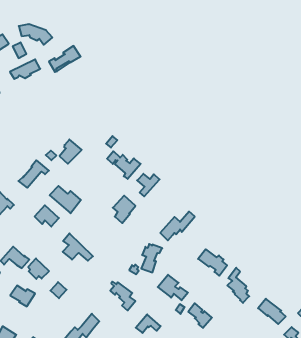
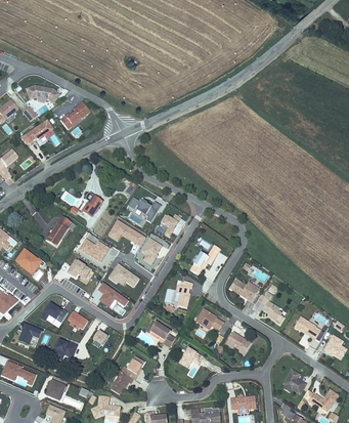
building: none -> [108,219,146,246]
building: none -> [108,262,139,286]

